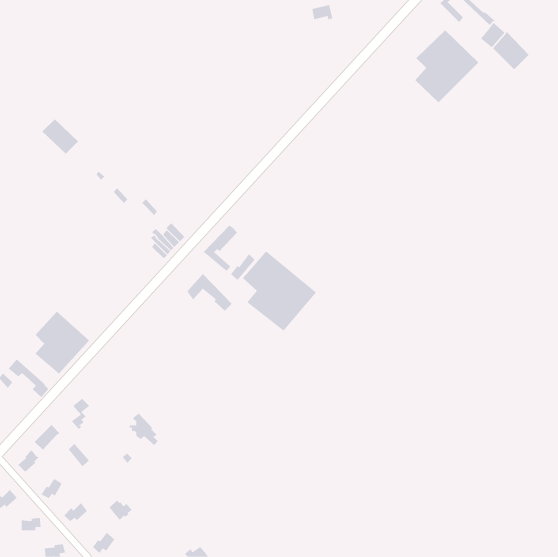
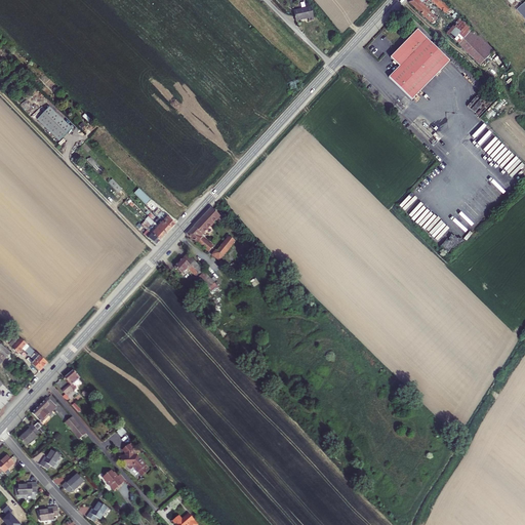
building: [242,251,317,332] -> none
building: [35,311,90,375] -> none
building: [129,413,159,446] -> [118,442,146,473]

